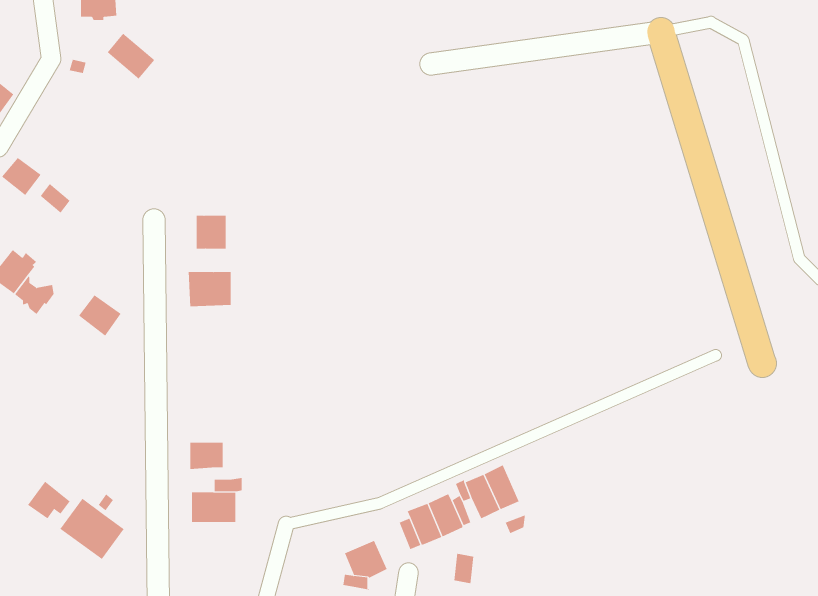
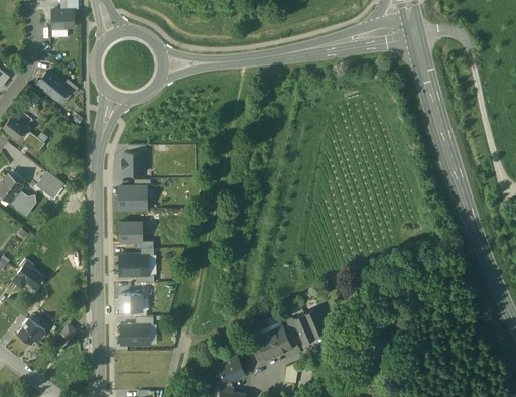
building: [107,33,155,79] -> [38,73,69,102]
building: [78,295,121,336] -> [36,173,63,200]
building: none -> [119,220,143,243]
building: none -> [120,256,148,276]
building: none -> [13,264,44,290]
building: [60,498,125,560] -> none

